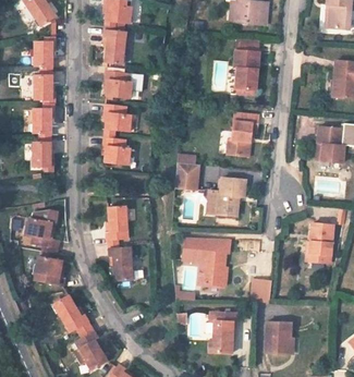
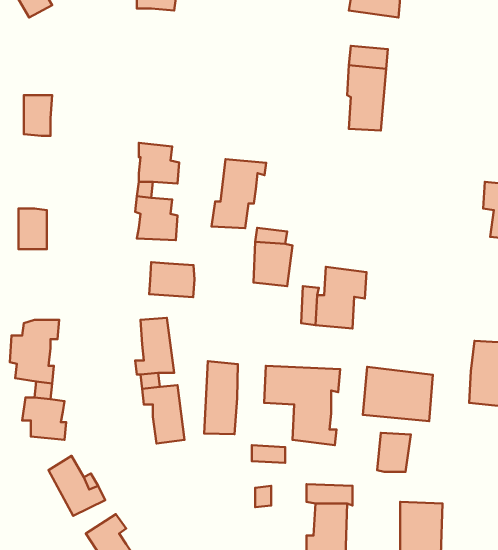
building: [102,27,125,61] -> none
building: [34,38,52,64] -> none
building: [105,70,132,96] -> none
building: [32,107,50,134] -> none
building: [227,113,260,156] -> [212,159,266,228]
building: none -> [149,262,195,297]
building: none -> [204,361,238,434]
building: none -> [363,367,433,421]

